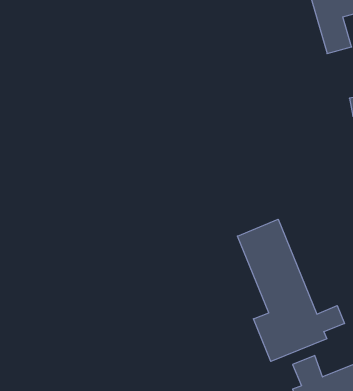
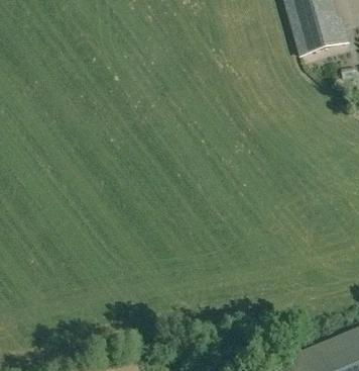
building: [237,219,344,361] -> none

